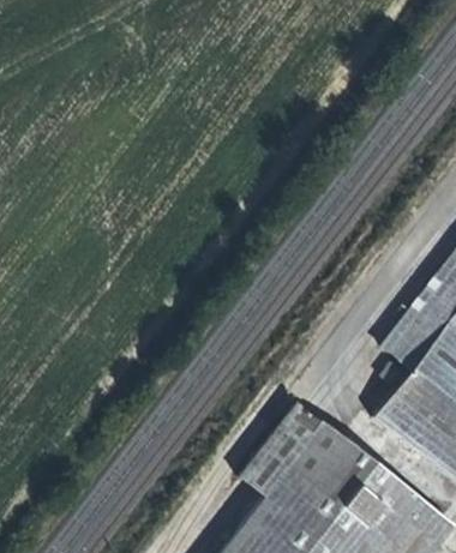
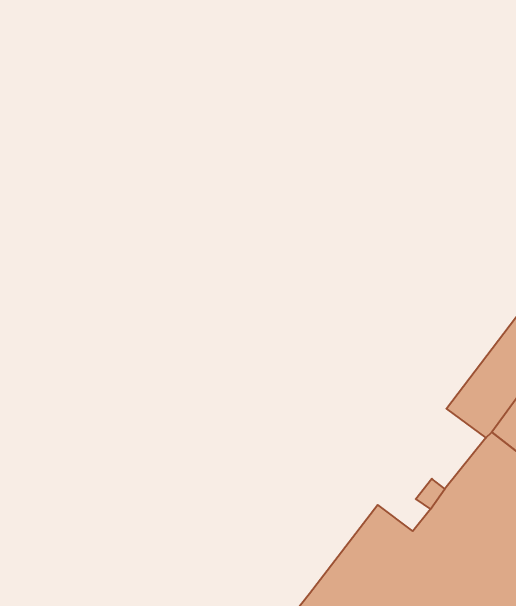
building: [245,404,326,497] -> none

